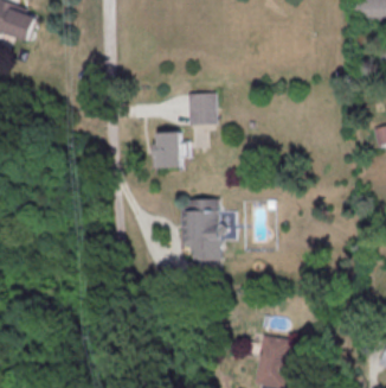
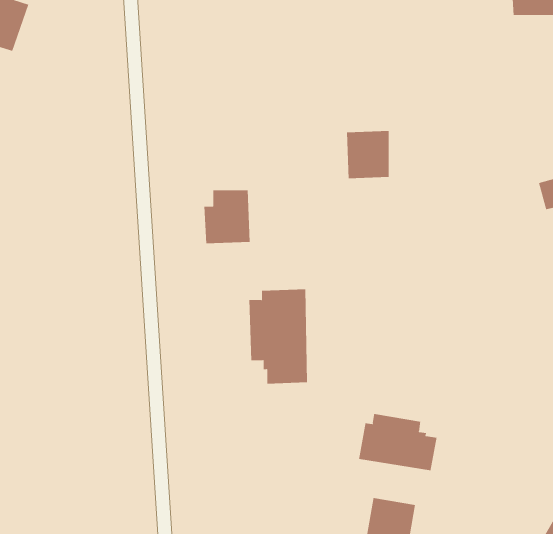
building: [188,93,217,125] -> [346,130,389,179]
building: none -> [359,413,437,471]

